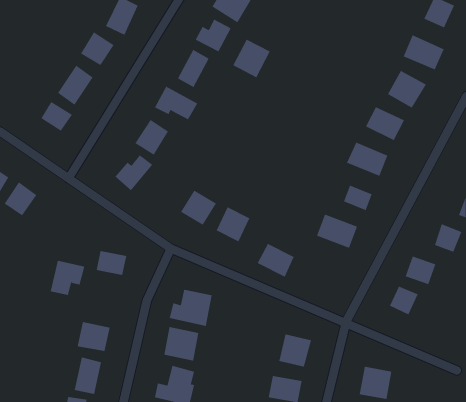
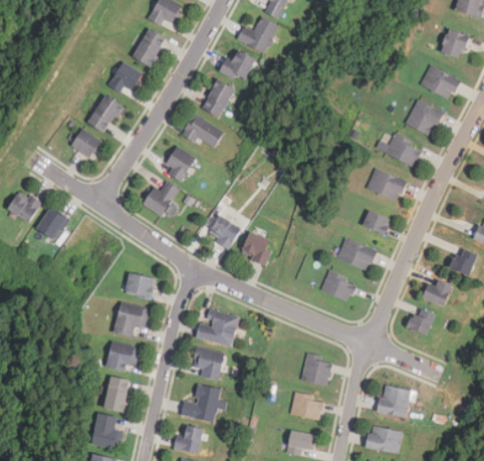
building: [233,39,270,78] -> none
building: [257,243,295,278] -> [319,270,355,303]
building: [50,260,85,296] -> [113,302,148,336]

